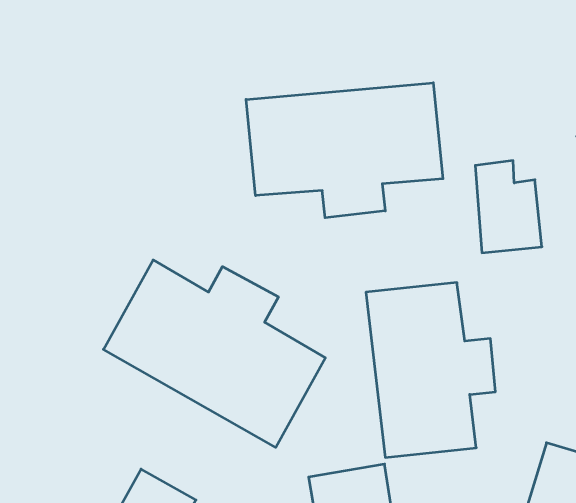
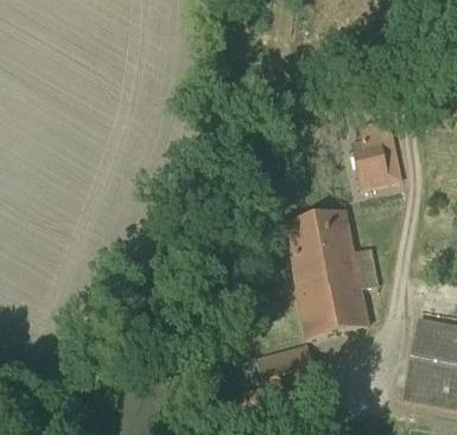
building: [246,83,443,218] -> none
building: [103,260,325,447] -> none

